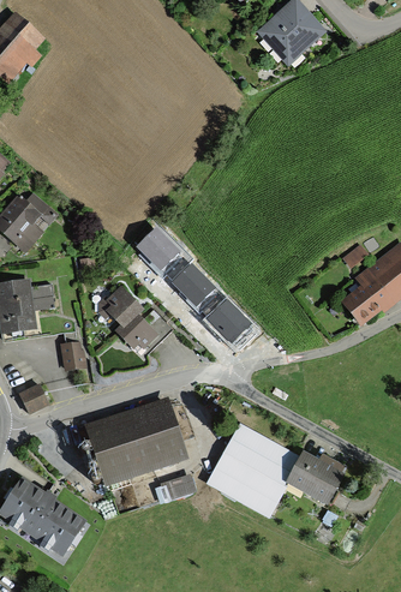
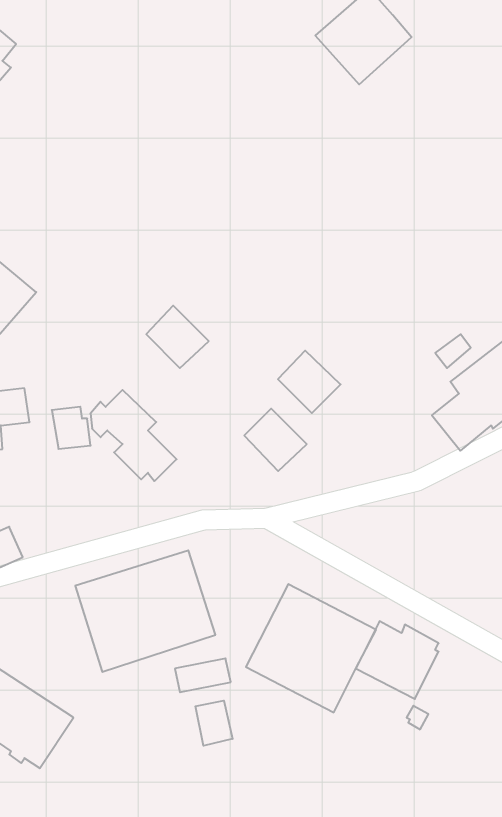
building: [170,261,215,305] -> [278,351,341,413]
building: [59,340,86,370] -> [52,407,91,449]
building: none -> [195,701,233,746]

